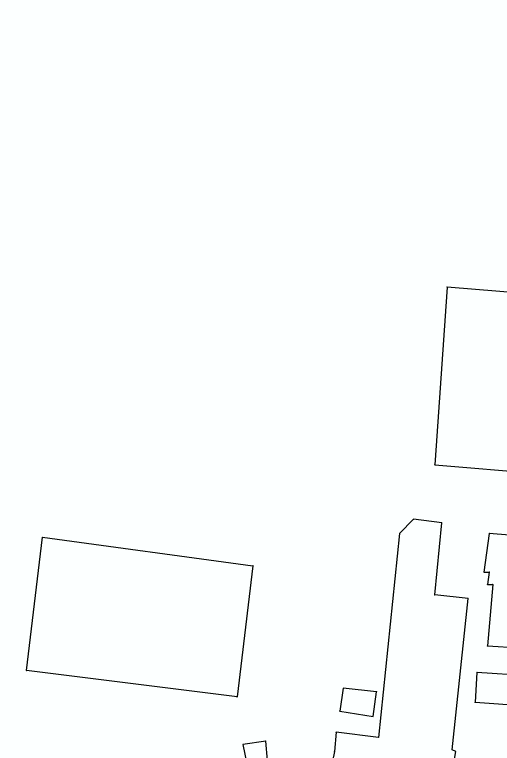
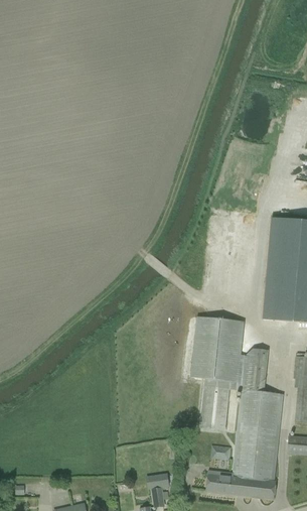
building: none -> [192,316,242,430]
building: [27,537,253,697] -> none

